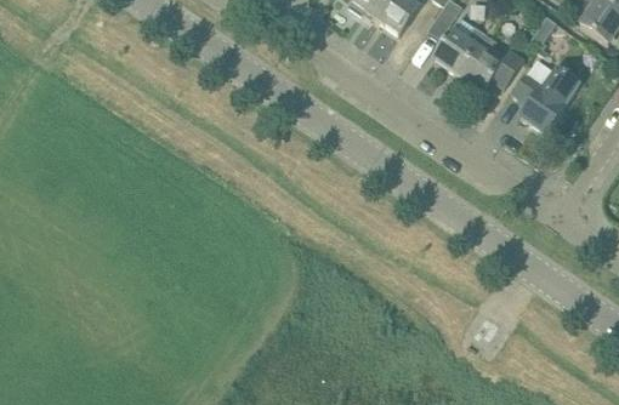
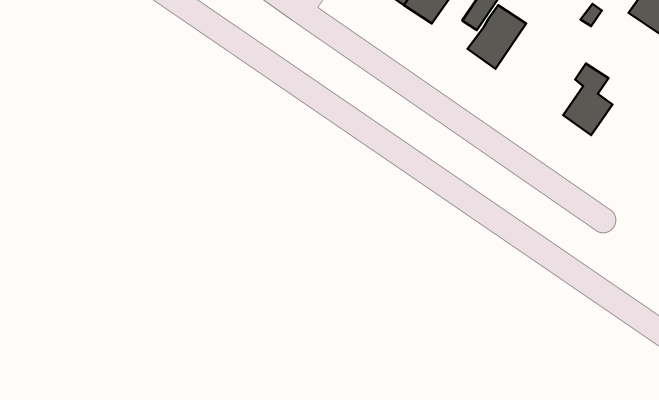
building: [458,33,523,91] -> none

